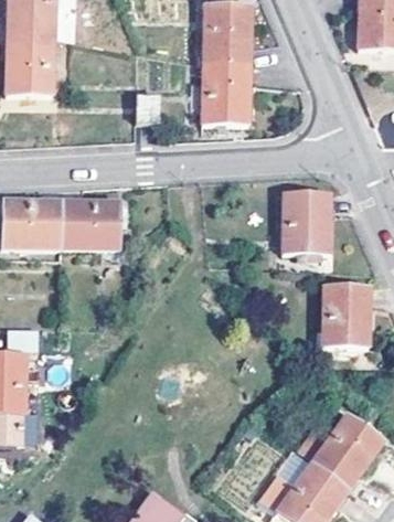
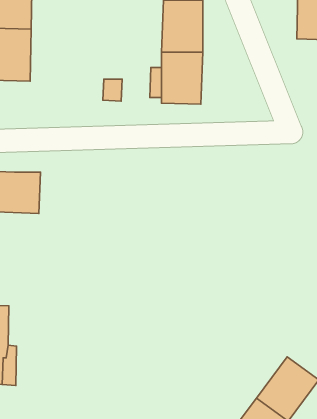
building: [284,191,331,251] -> none
building: [62,201,120,249] -> none
building: [321,284,368,344] -> none

